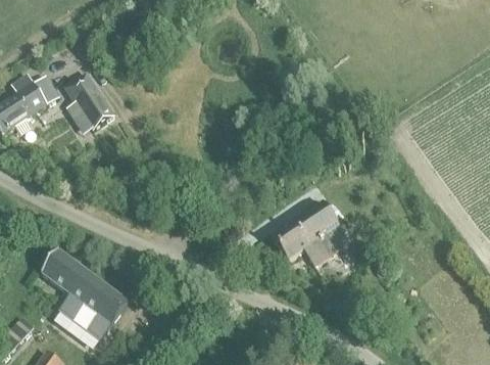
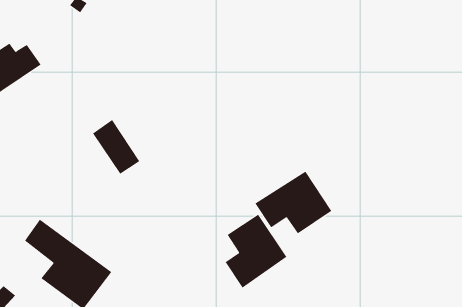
building: [64,73,112,128] -> [92,119,140,175]
building: none -> [225,214,287,288]

